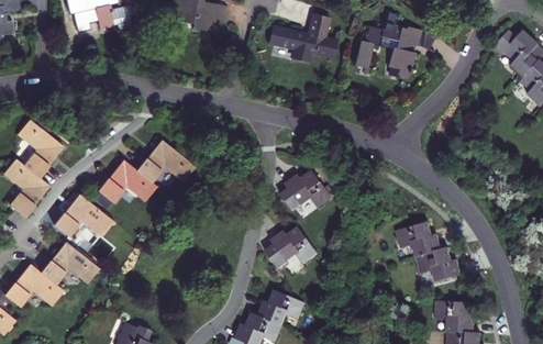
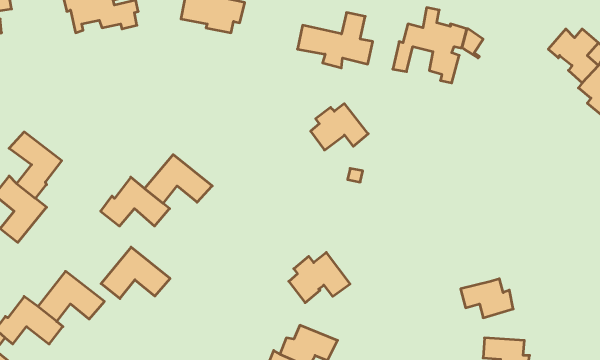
building: [280,169,331,210] -> [311,104,368,150]
building: [55,193,115,238] -> [101,247,170,299]
building: [395,221,441,257] -> none

